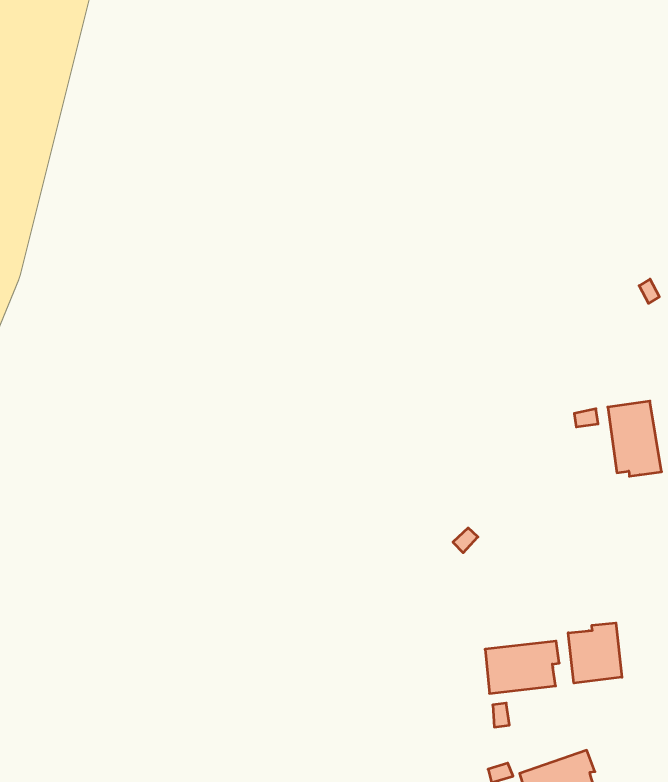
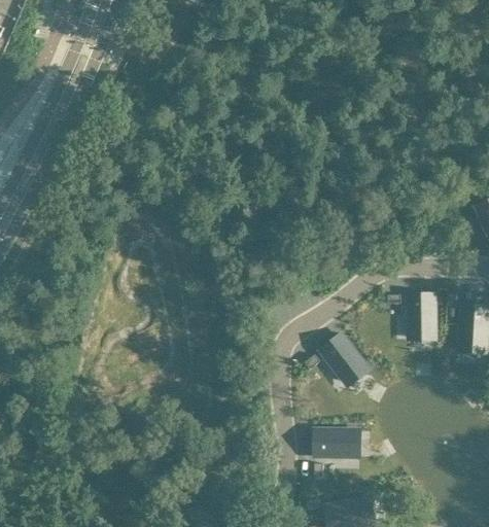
building: none -> [322,336,371,384]
building: [568,623,622,683] -> none

